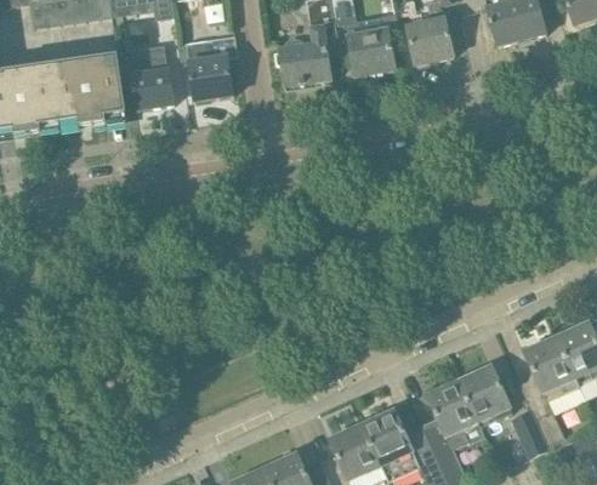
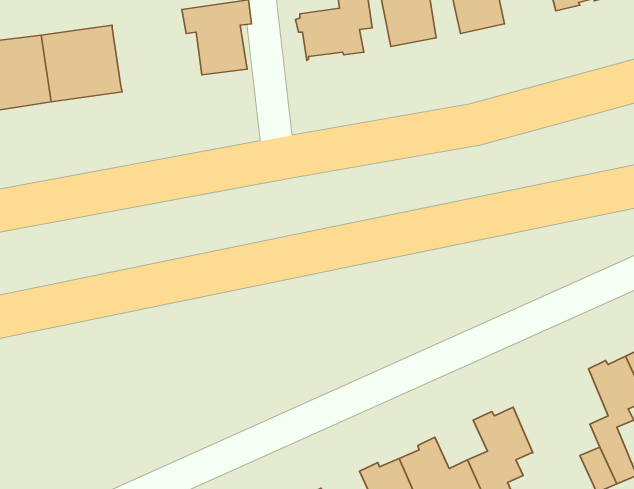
building: [118,46,174,110] -> none
building: [460,366,510,423] -> none

